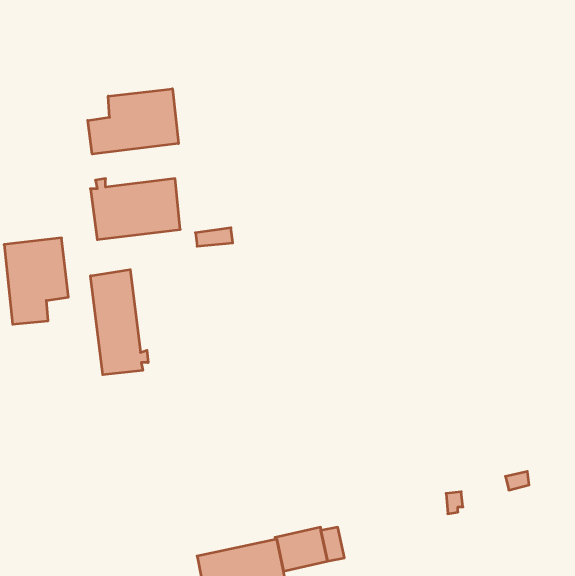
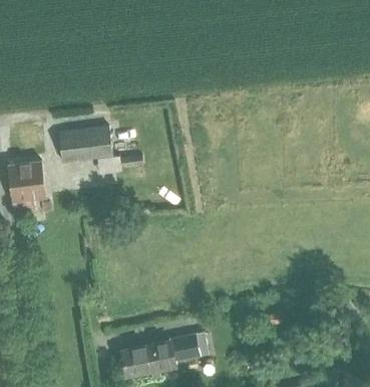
building: [88,89,178,154] -> none
building: [91,270,148,375] -> none

